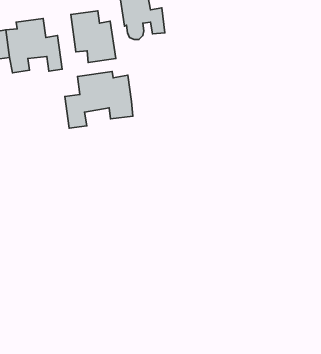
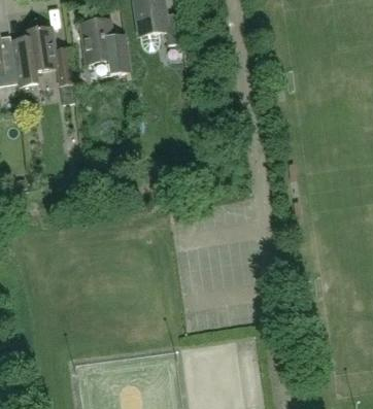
building: [65,72,133,128] -> none

